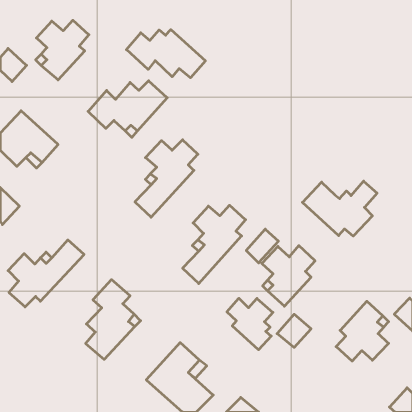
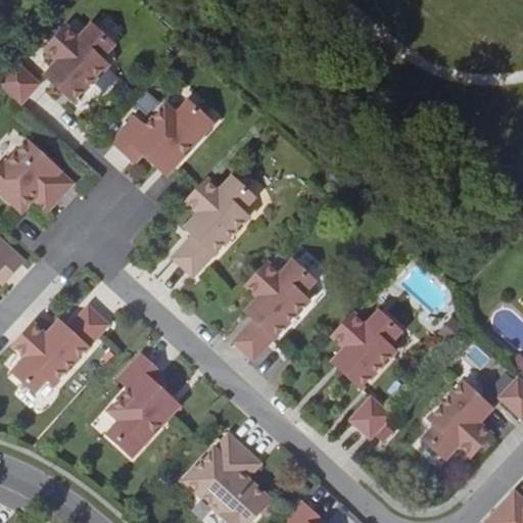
building: [126,30,205,78] -> none
building: [302,181,377,236] -> none
building: [246,229,278,263] -> none
building: [227,298,273,350] -> none

